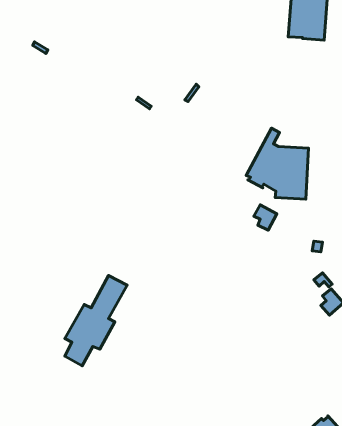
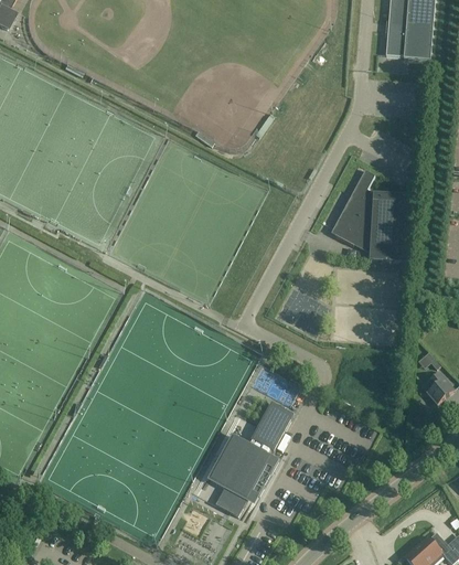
building: [254,205,277,230] -> none
building: [65,275,127,366] -> [215,402,293,515]

